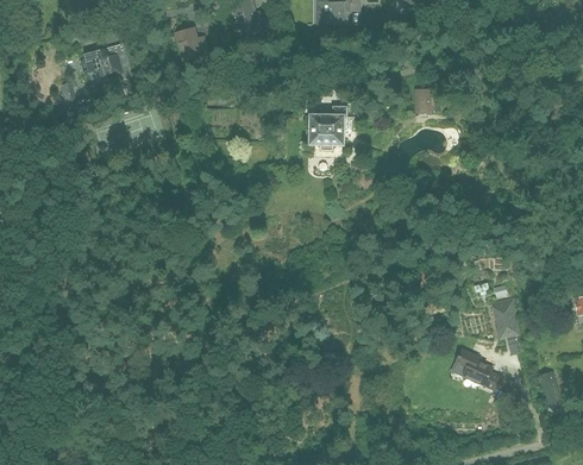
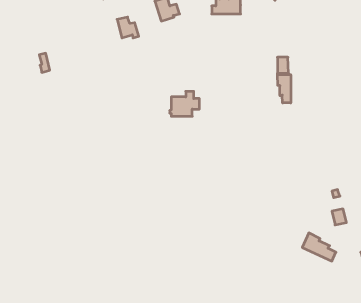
building: [79,46,130,78] -> none
building: [308,105,352,142] -> [170,91,199,116]
building: none -> [277,75,291,103]

